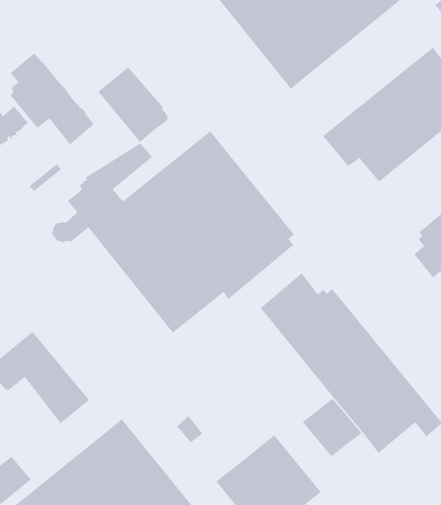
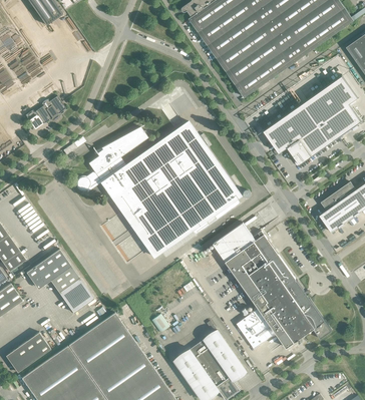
building: [10,52,94,145] -> none
building: [98,67,168,143] -> none

